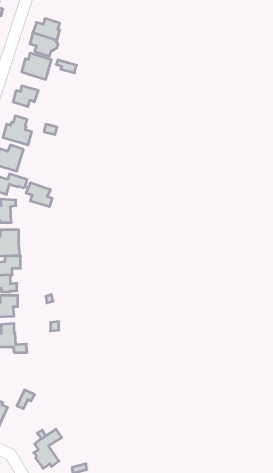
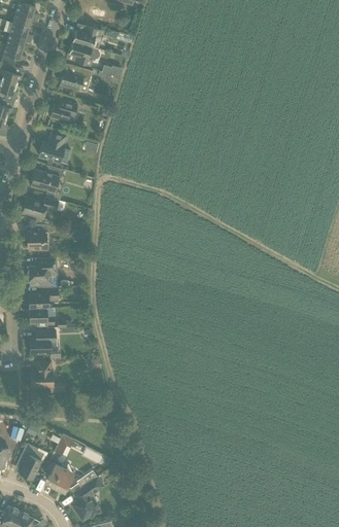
building: [26,183,52,207] -> none
building: none -> [47,463,73,493]

